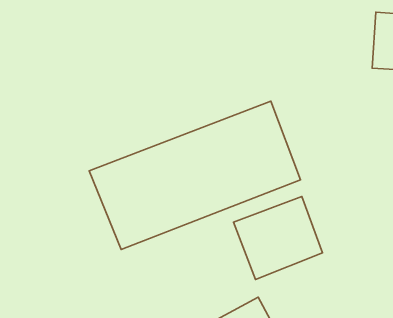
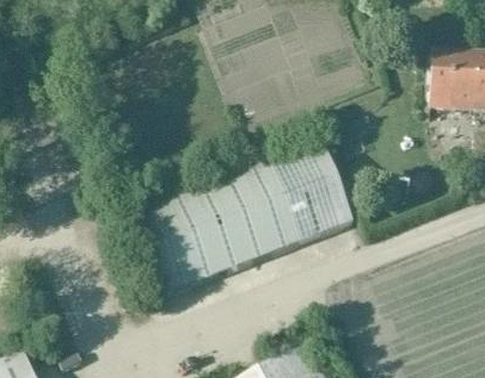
building: [234,196,323,279] -> none

